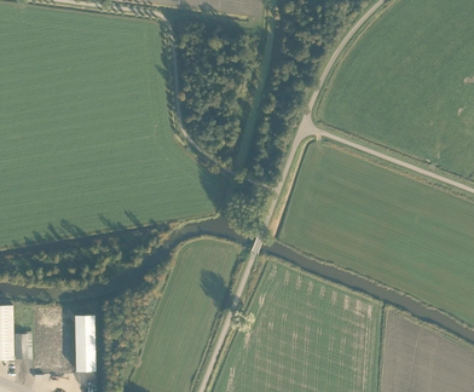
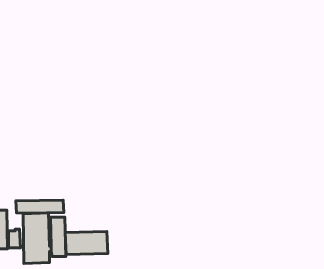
building: none -> [16,200,64,213]
building: none -> [65,232,108,255]

